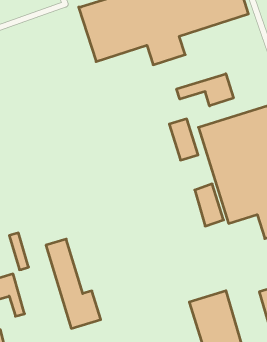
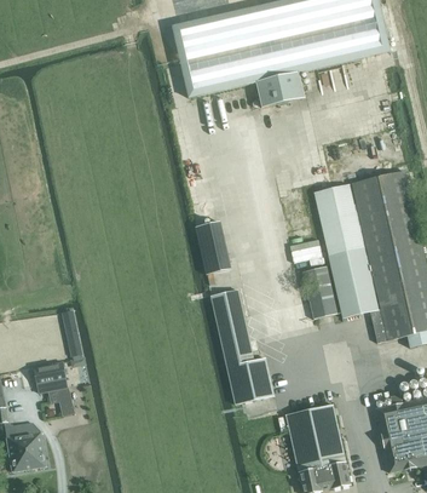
building: [177,74,233,106] -> none
building: [169,119,198,160] -> [194,223,227,275]
building: [46,239,101,328] -> [210,288,273,403]

